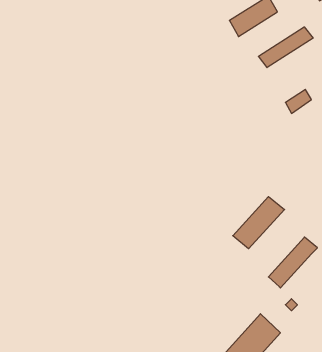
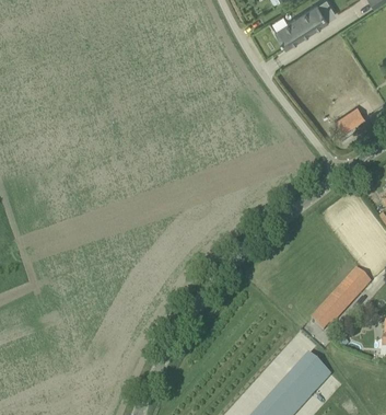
building: [258,27,313,68] -> none
building: [233,197,285,249] -> none

